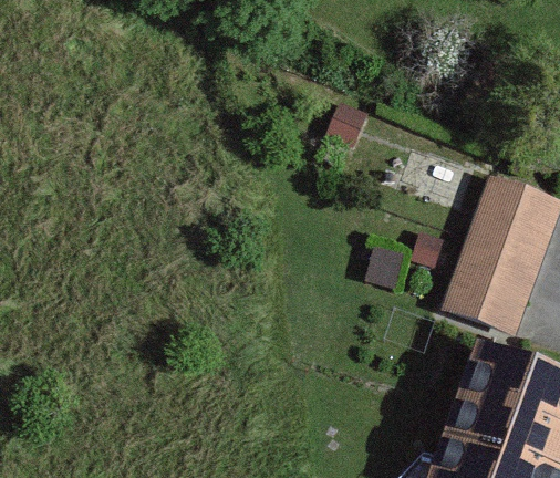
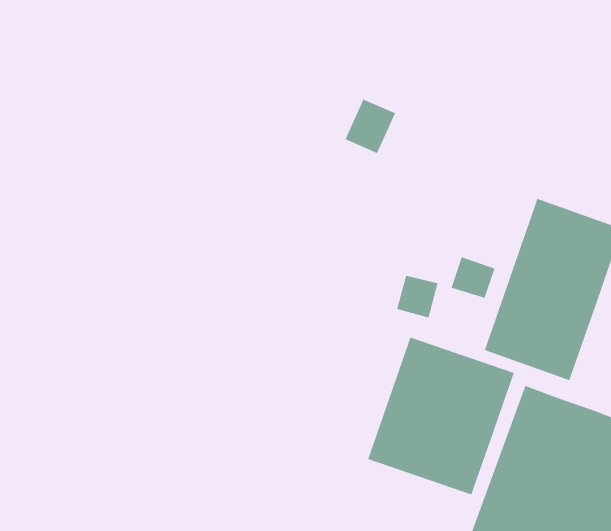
building: none -> [367,337,515,496]

